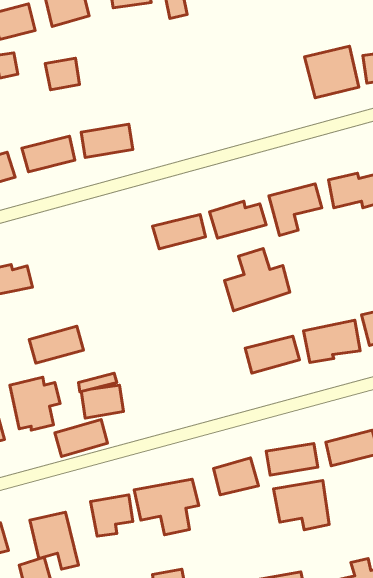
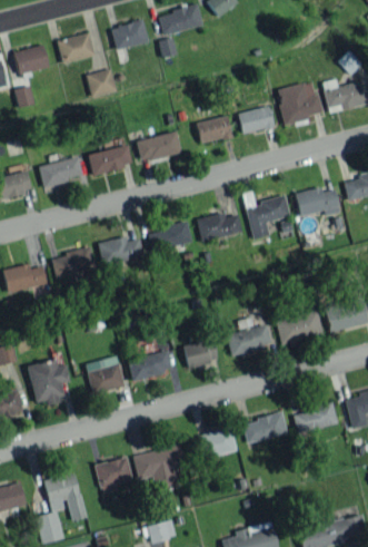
building: [45,58,79,90] -> [87,69,116,96]
building: none -> [238,105,275,134]
building: none -> [196,115,232,144]
building: none -> [136,130,181,163]
building: none -> [98,235,145,267]
building: [225,249,290,311] -> none
building: [29,326,83,363] -> [51,246,97,277]
building: none -> [182,338,218,368]
building: [55,419,108,457] -> [128,350,172,381]
building: [273,481,329,530] -> none

